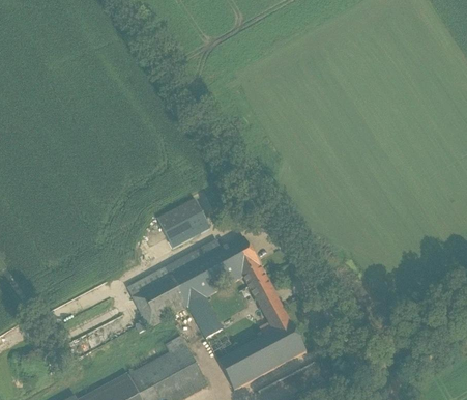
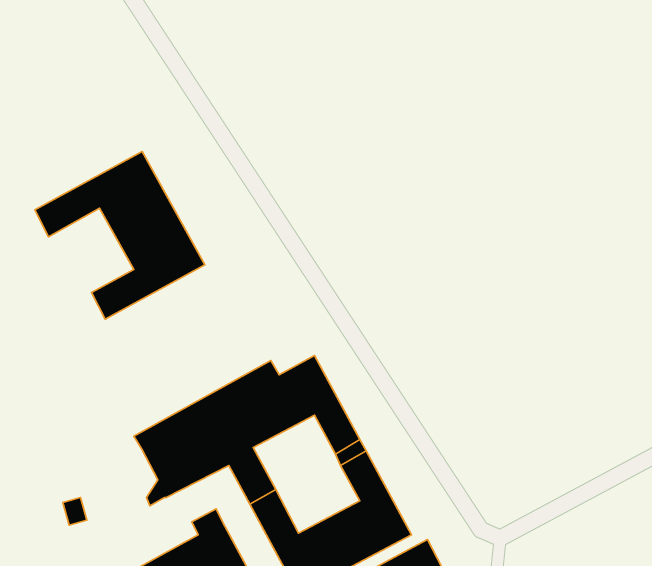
building: none -> [35,151,205,319]
building: [157,197,210,247] -> none

